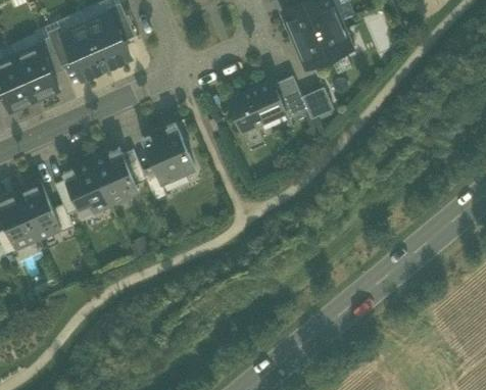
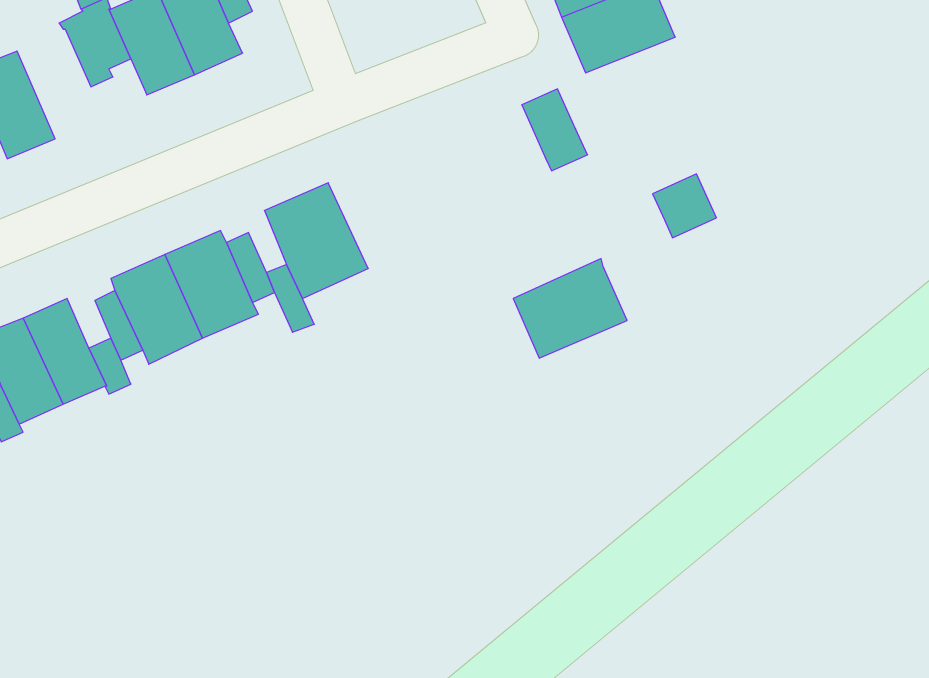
building: [14,46,58,102] -> none
building: [227,81,285,132] -> [513,259,627,358]
building: [300,87,333,119] -> [653,174,716,238]

